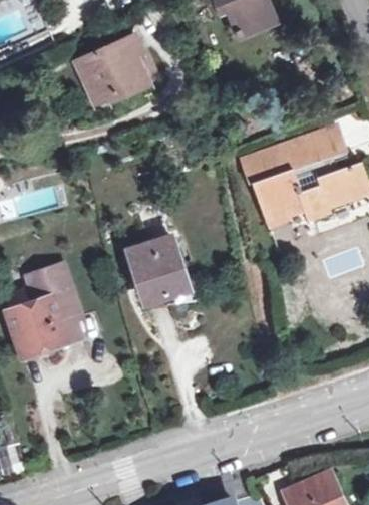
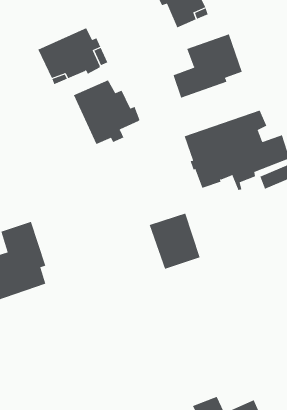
building: none -> [173,34,243,99]
building: none -> [73,79,140,145]
building: [128,238,189,304] -> [149,213,201,269]

